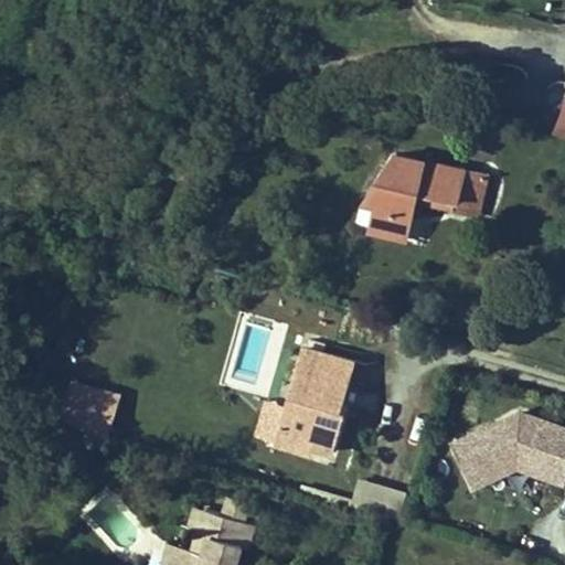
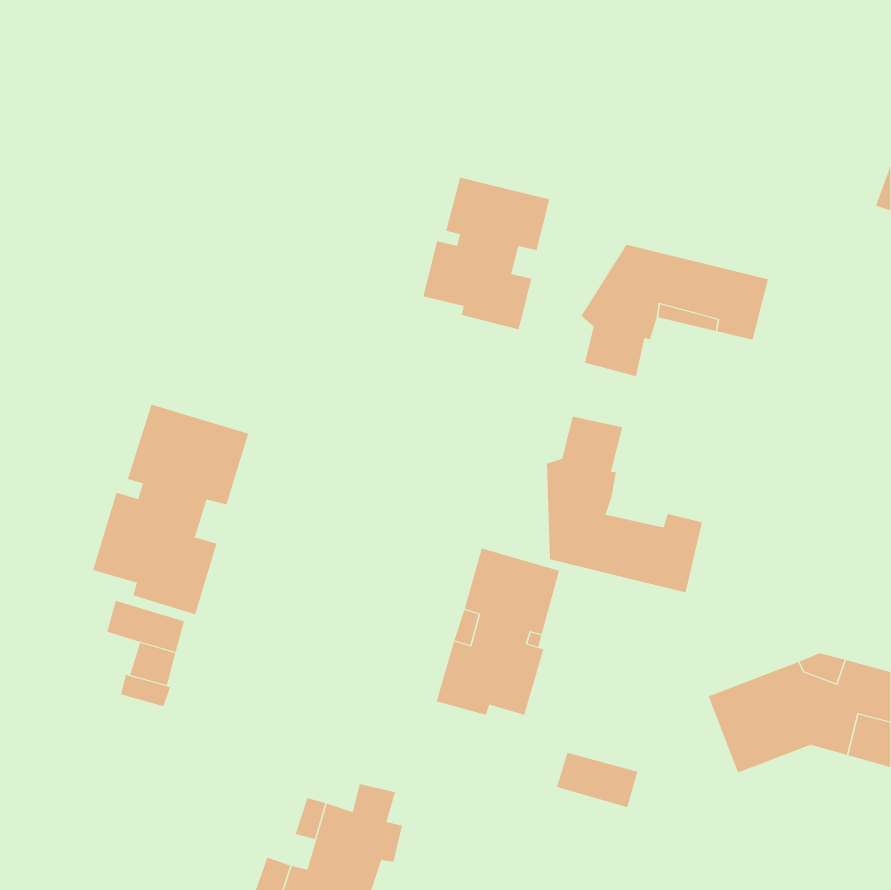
building: none -> [423,177,550,330]
building: none -> [93,404,249,615]
building: none -> [547,416,702,593]

